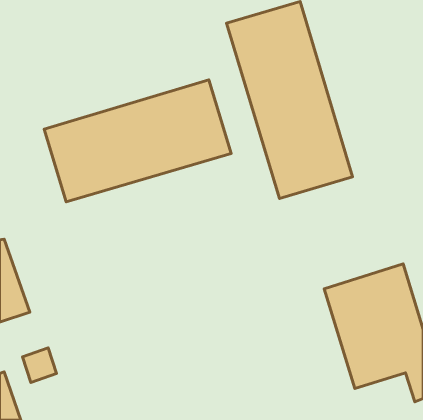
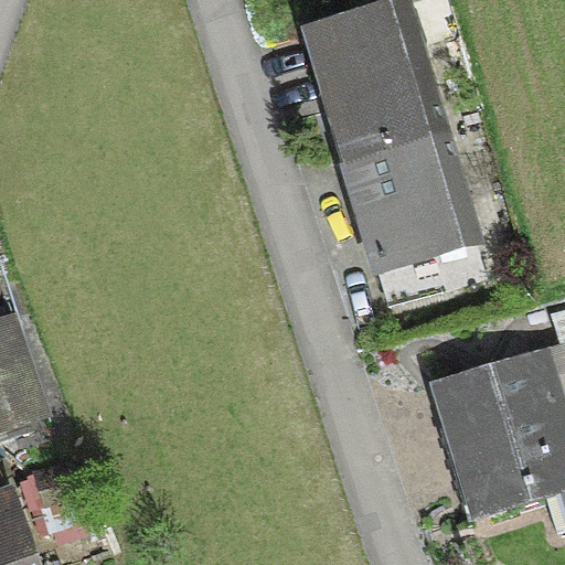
building: [44,80,231,202] -> none

